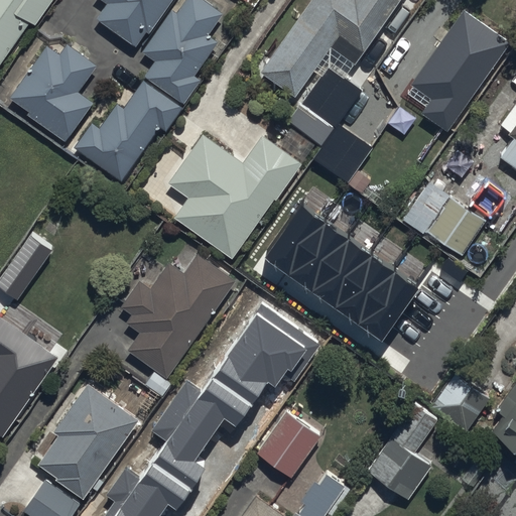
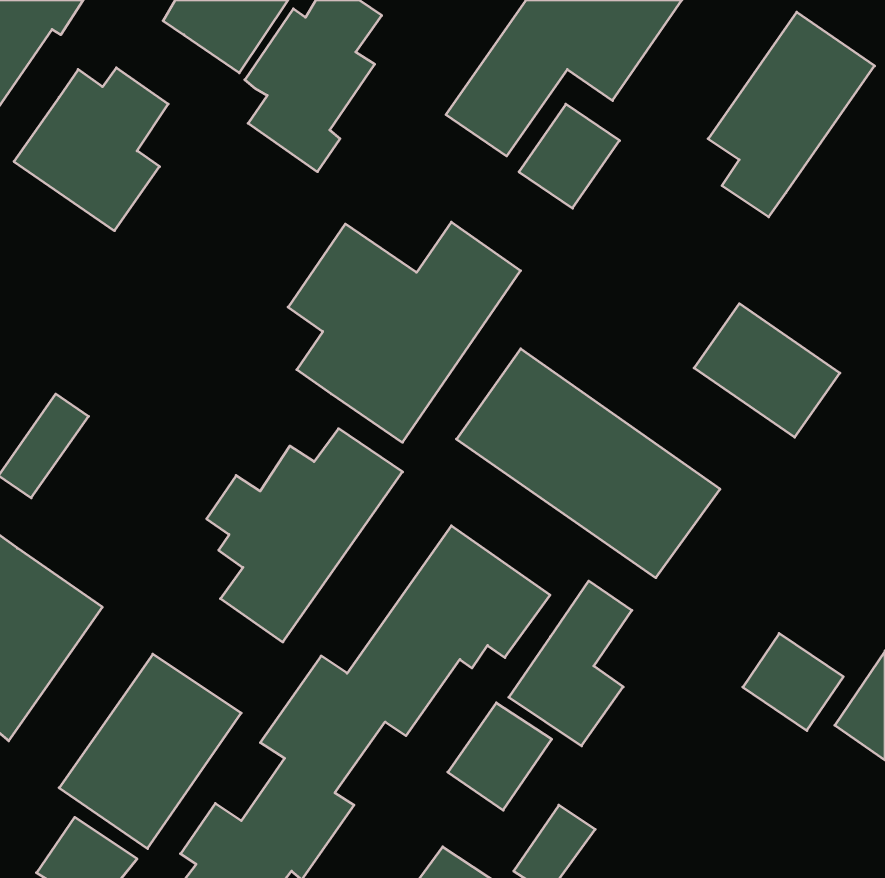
building: [75,80,176,179] -> none
building: [314,125,372,183] -> none
building: [368,404,439,500] -> [509,581,632,746]

